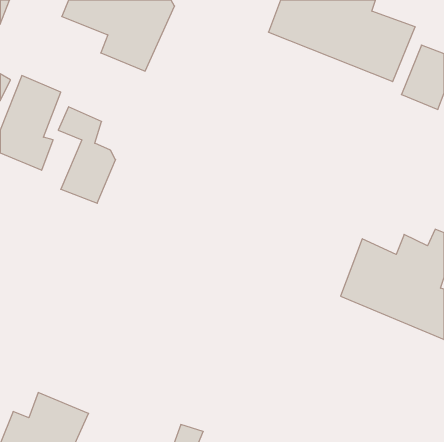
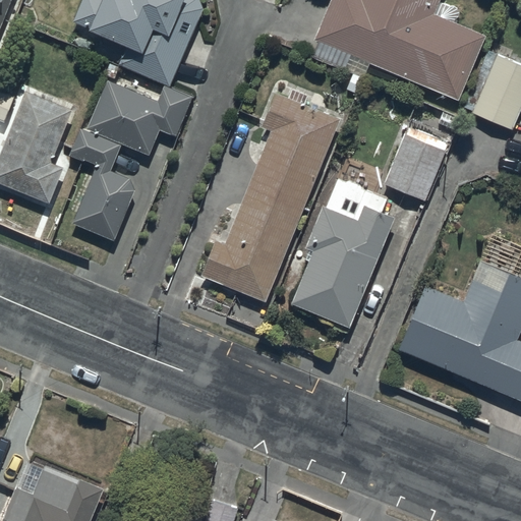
building: none -> [88,80,193,155]
building: none -> [201,95,339,301]
building: none -> [385,135,444,199]
building: none -> [292,206,393,324]

